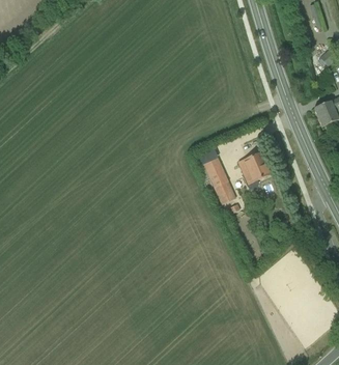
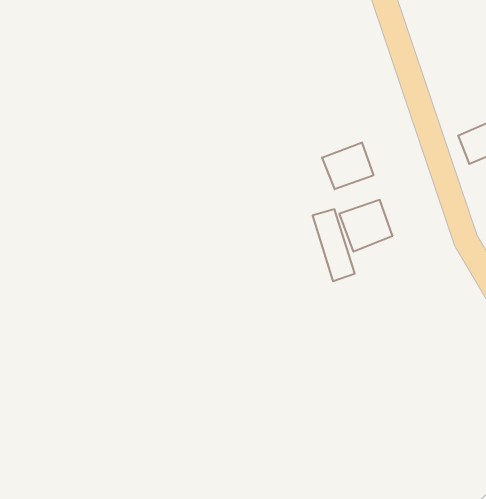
building: none -> [322,142,373,189]

